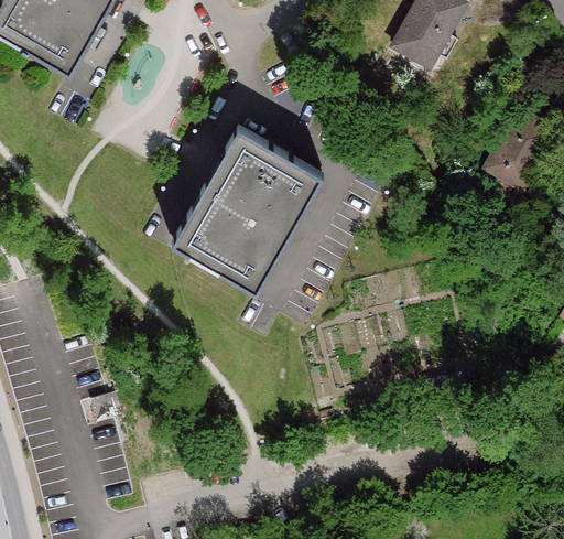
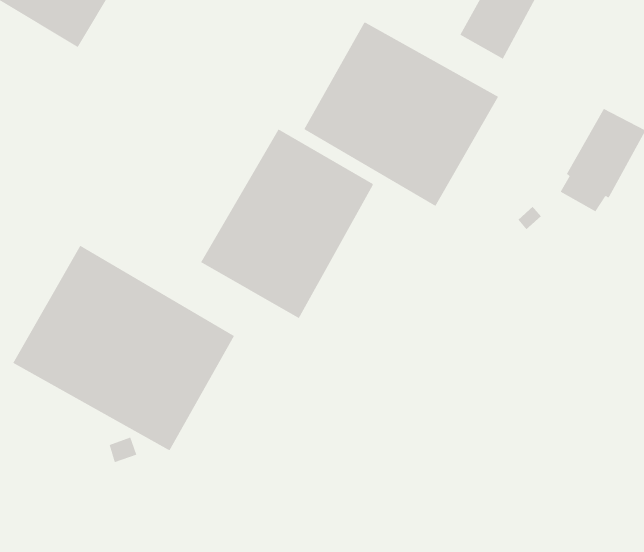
building: none -> [304,22,499,207]
building: none -> [12,245,234,451]

